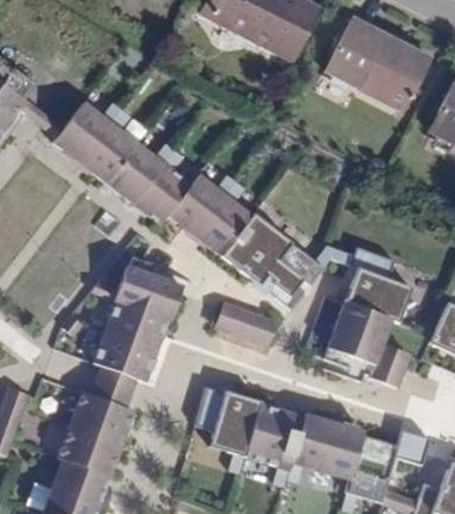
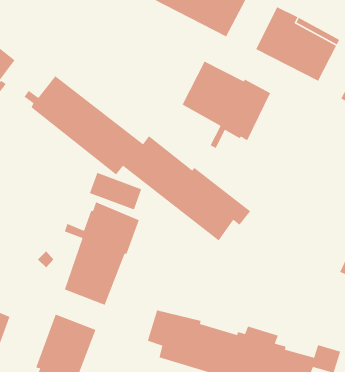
building: none -> [181,60,271,149]
building: [320,247,411,387] -> none
building: [206,297,271,344] -> [89,172,142,210]

